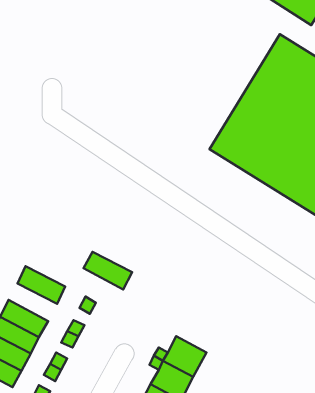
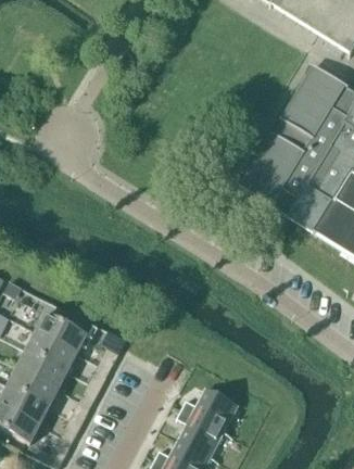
building: [83,252,132,289] -> [26,329,78,369]

